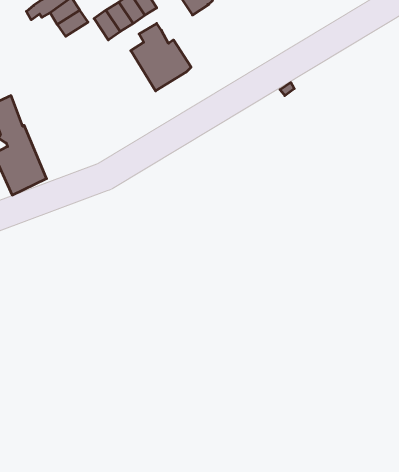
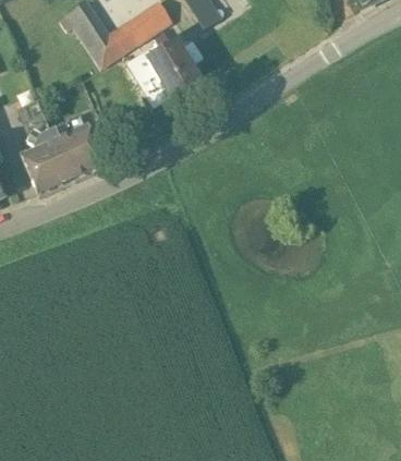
building: none -> [88,29,127,65]
building: none -> [50,124,105,177]

